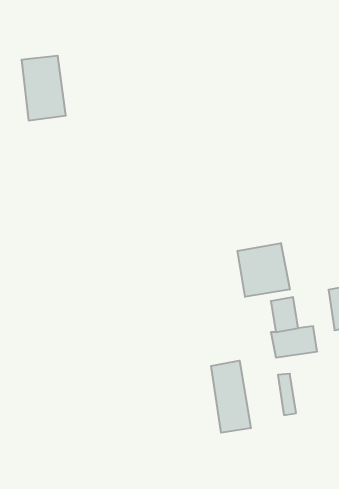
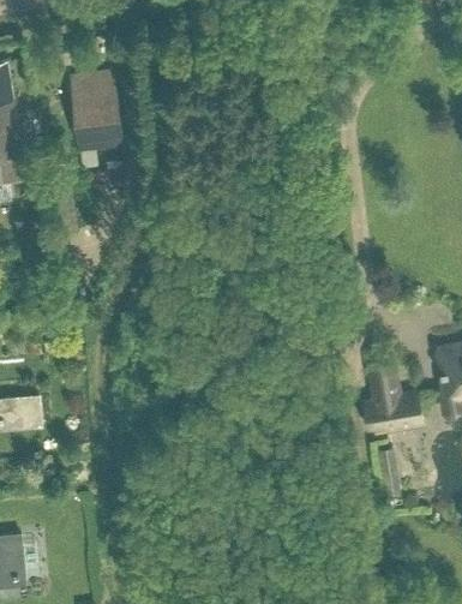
building: [238,243,290,297] -> none
building: [211,361,251,433] -> none

